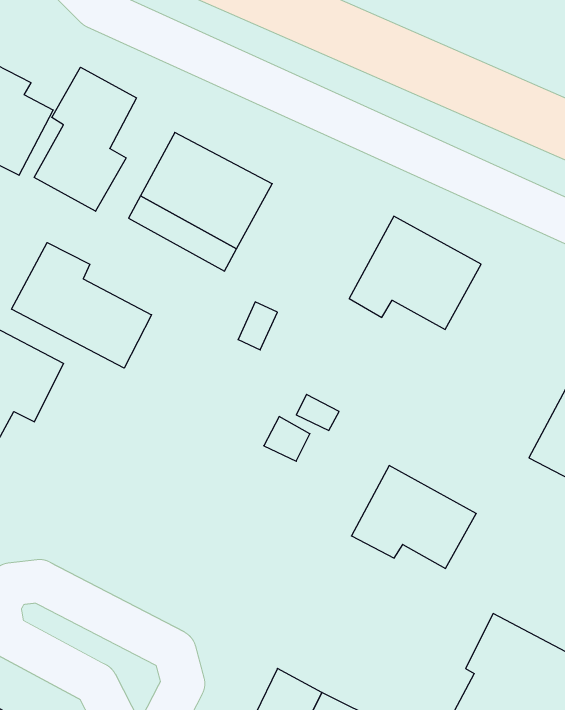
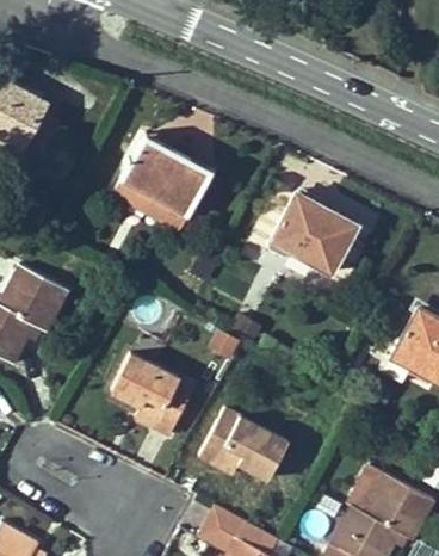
building: [34,67,136,211] -> none
building: [12,243,152,368] -> none
building: none -> [115,353,193,433]
building: [351,466,476,568] -> [200,408,287,480]

